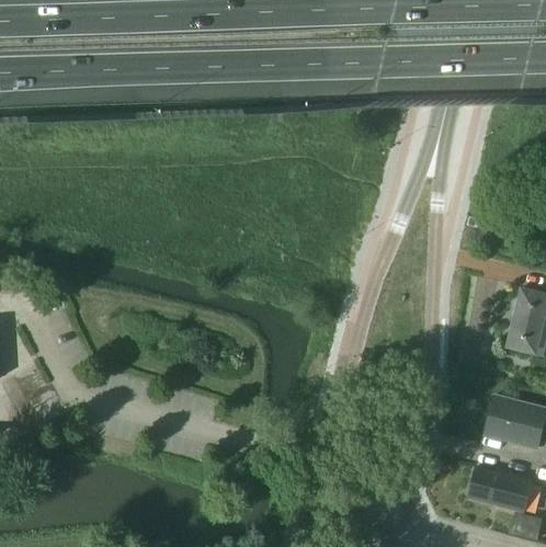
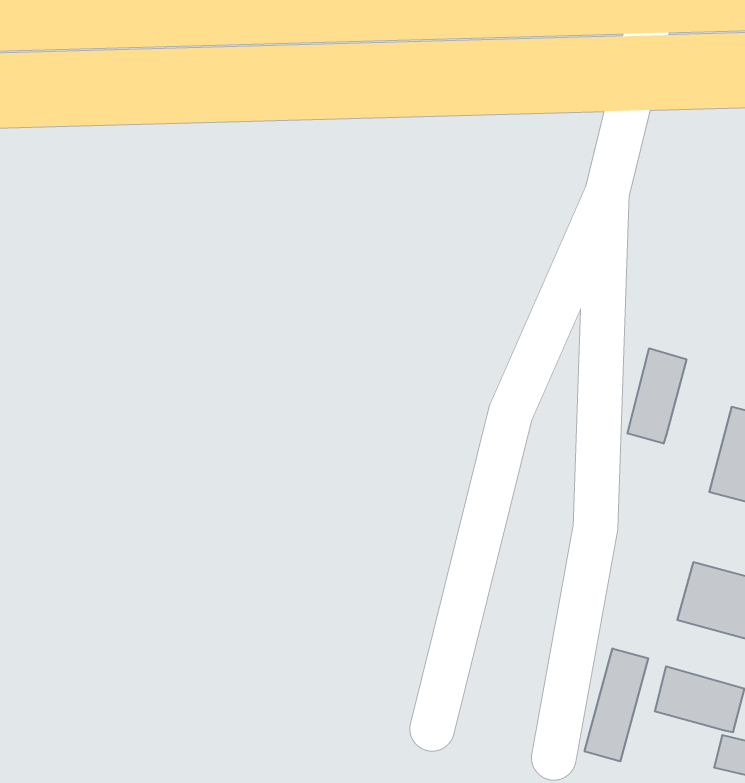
building: none -> [628,348,686,444]
building: none -> [585,648,648,761]

